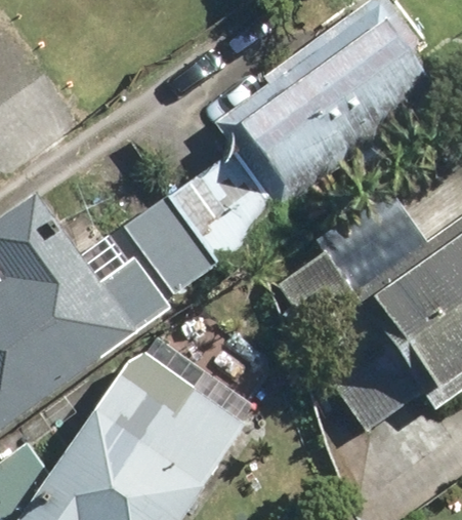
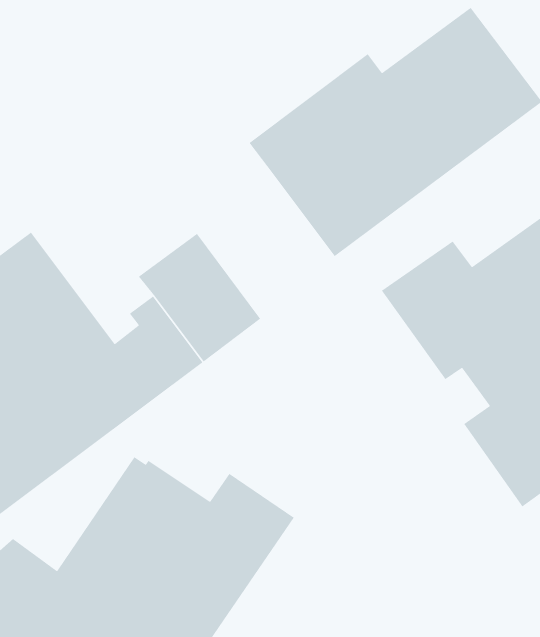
building: [170,147,288,269] -> none

